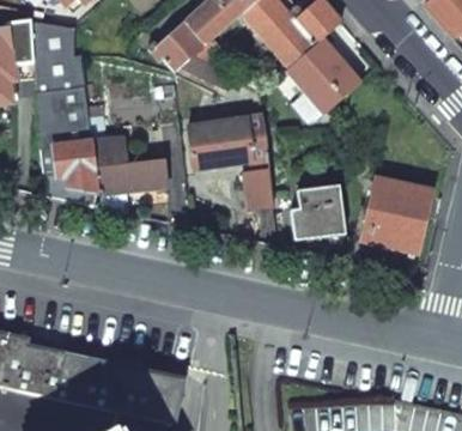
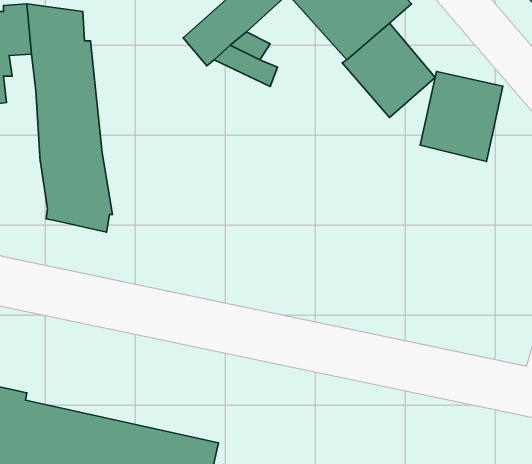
building: [189,116,274,207] -> none
building: [91,139,168,193] -> none
building: [364,180,431,253] -> [420,72,503,161]
building: [291,186,346,239] -> none

